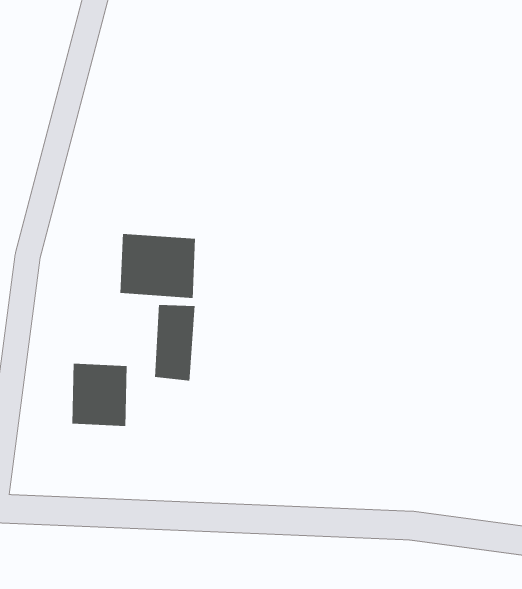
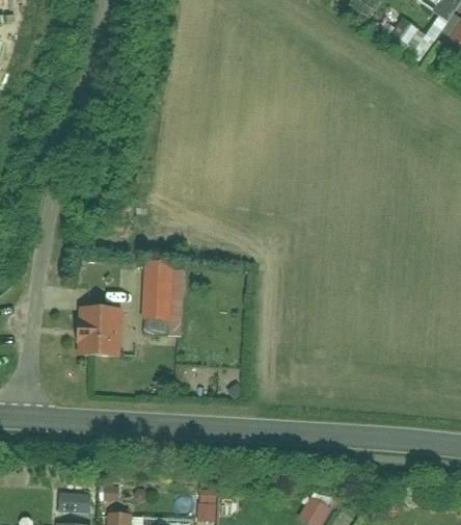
building: [120,233,196,299] -> none

